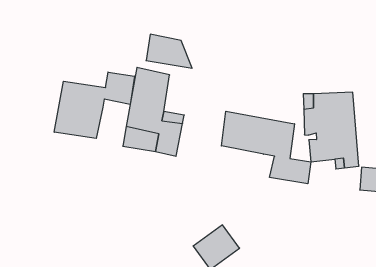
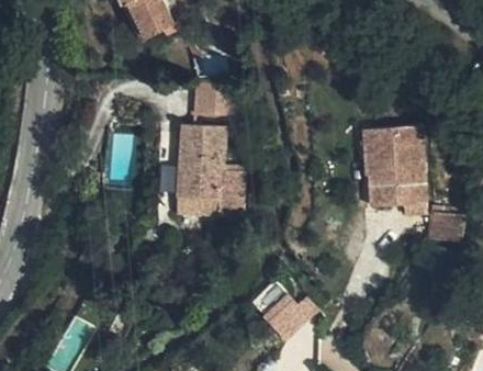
building: [54,72,135,138] -> none
building: [221,111,311,184] -> none

